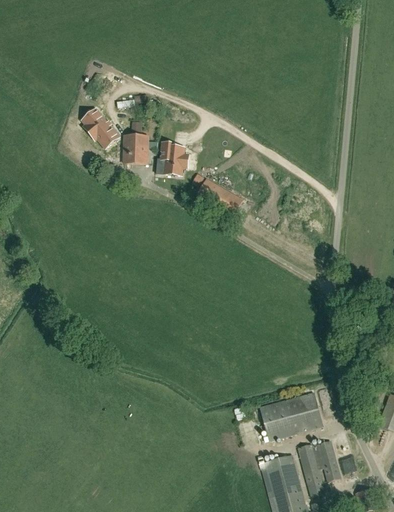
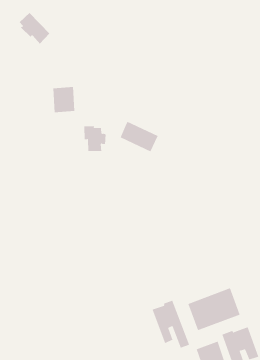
building: [82,109,119,149] -> [19,12,50,44]
building: [161,143,189,176] -> [83,126,106,151]
building: none -> [152,300,190,348]

